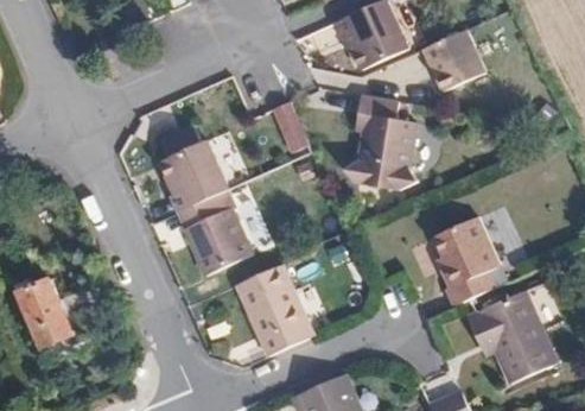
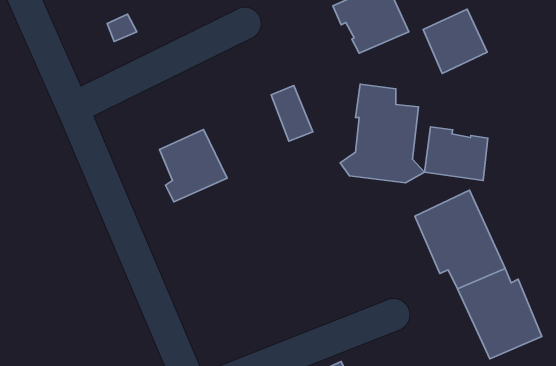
building: none -> [424,127,488,180]
building: [174,198,249,277] -> none
building: [242,259,319,353] -> none
building: [18,279,72,344] -> none

